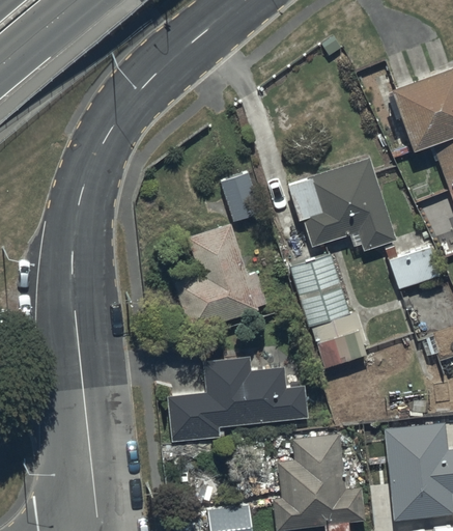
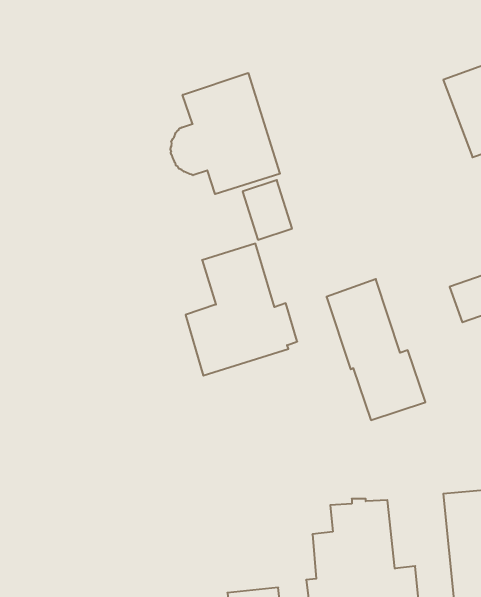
building: none -> [170,73,280,194]
building: [288,160,396,250] -> none
building: [168,358,308,441] -> none

